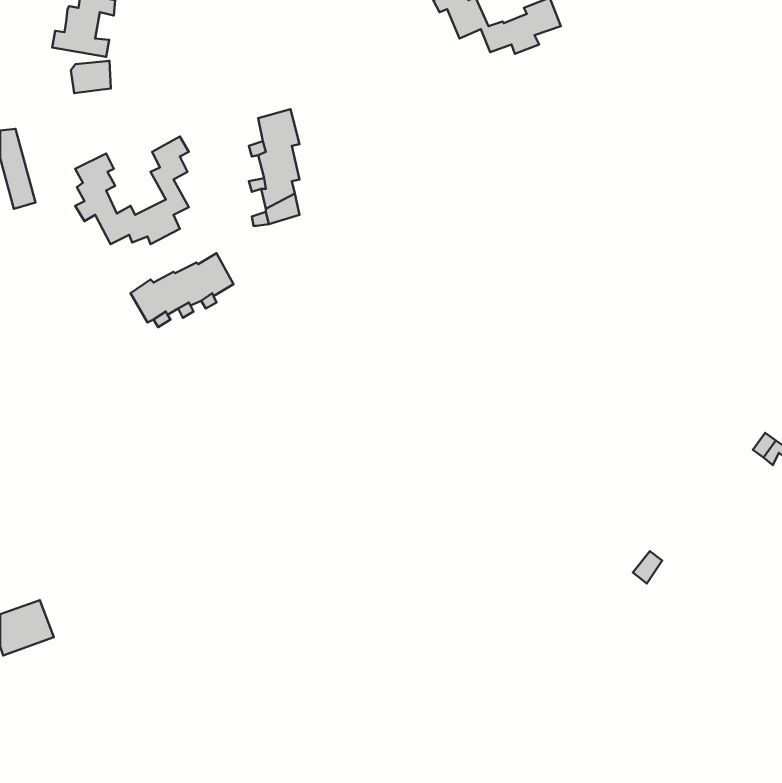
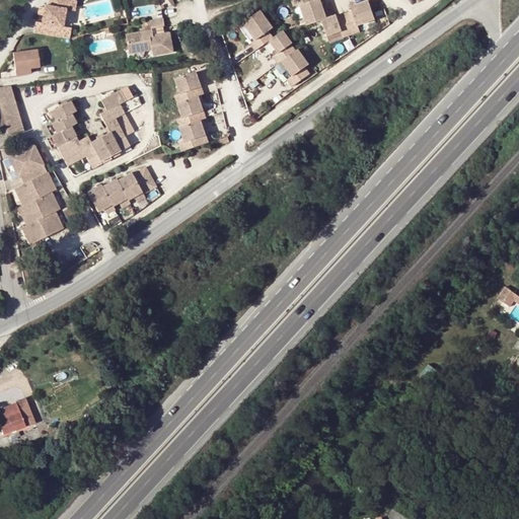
building: none -> [242,12,307,88]
building: none -> [128,19,174,56]
building: [71,61,111,93] -> [13,49,40,70]
building: none -> [10,144,63,242]

